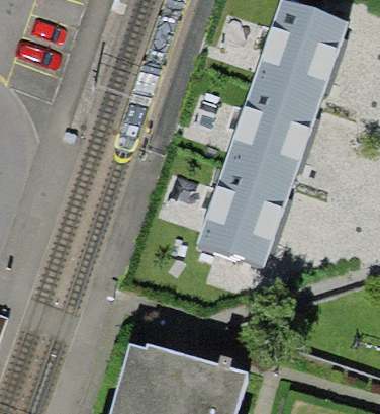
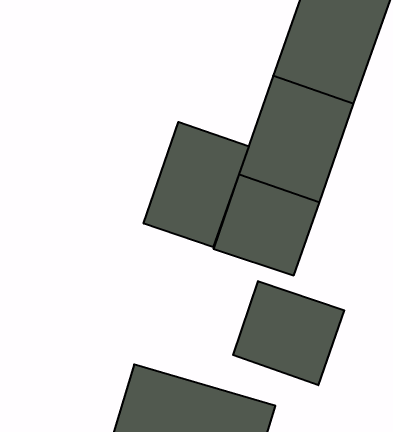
building: none -> [144,122,249,247]
building: none -> [233,281,344,385]

